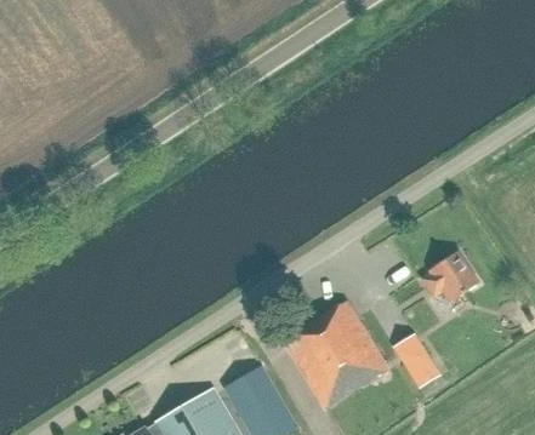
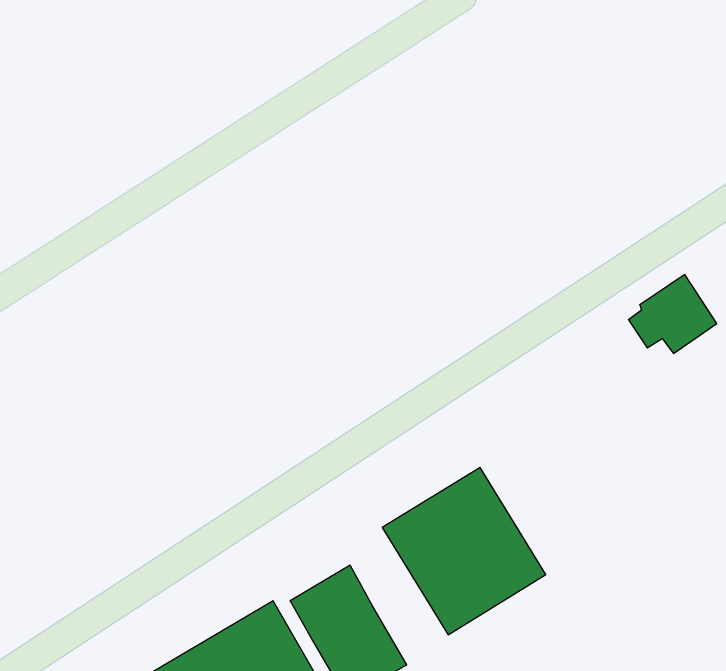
building: [421,251,478,302] -> [628,275,717,354]
building: [393,334,439,388] -> none

